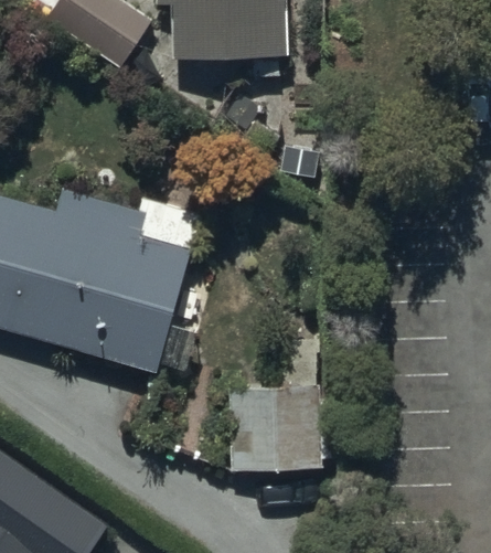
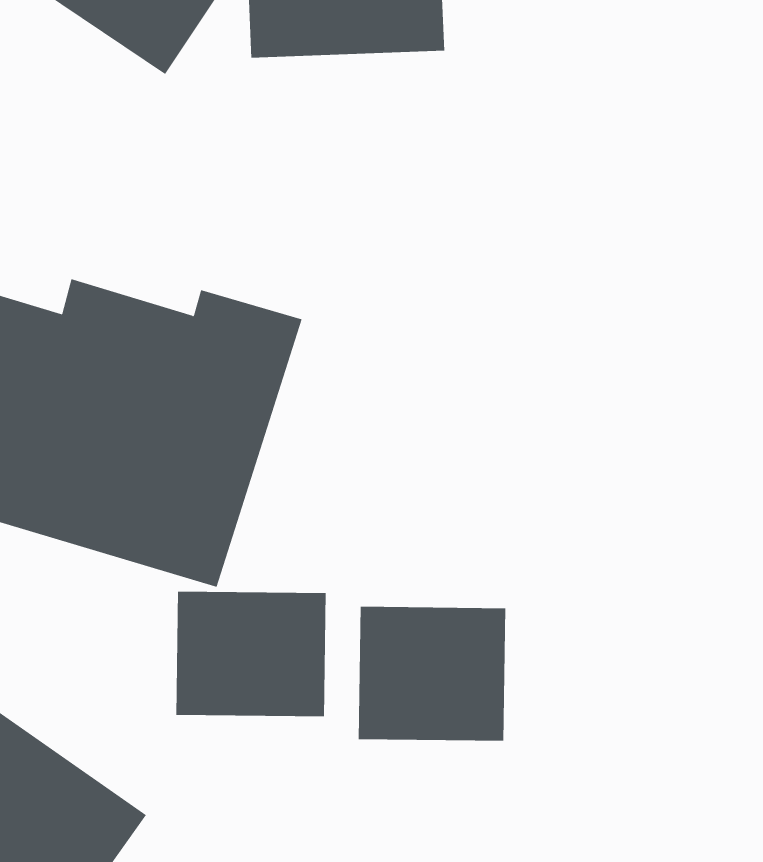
building: none -> [176,591,326,717]

